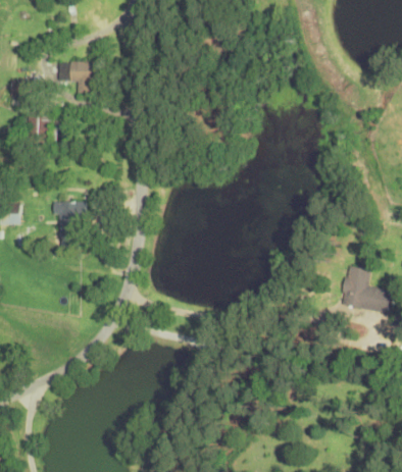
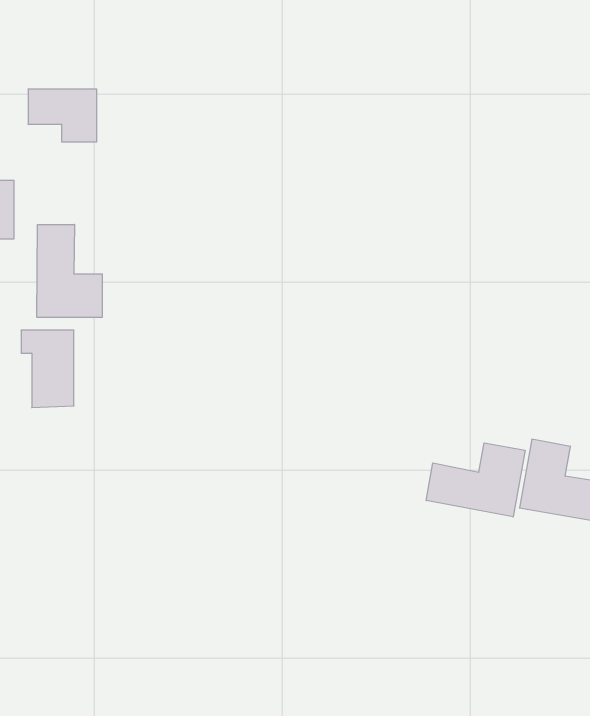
building: none -> [37,224,102,317]
building: none -> [426,443,525,517]

